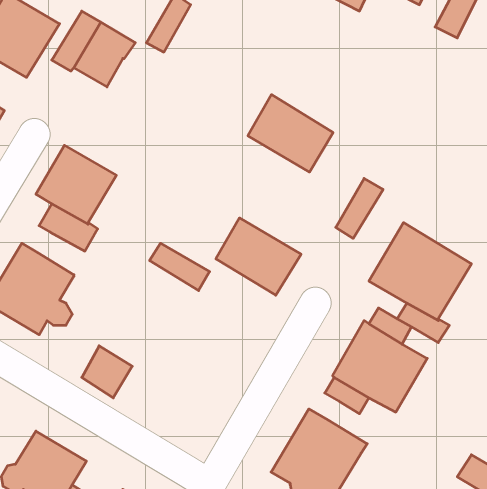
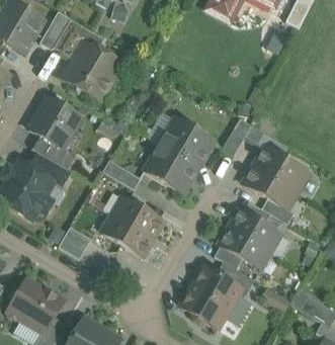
building: none -> [64,41,121,99]
building: [248,95,333,172] -> [160,117,215,167]
building: none -> [30,153,70,186]
building: none -> [102,197,163,256]
building: none -> [217,261,255,297]

